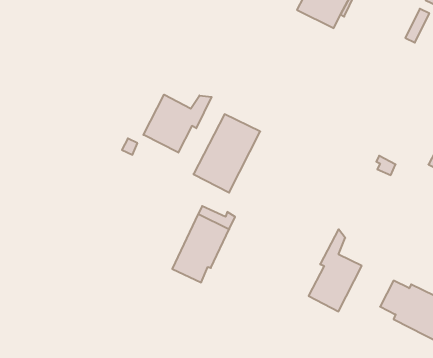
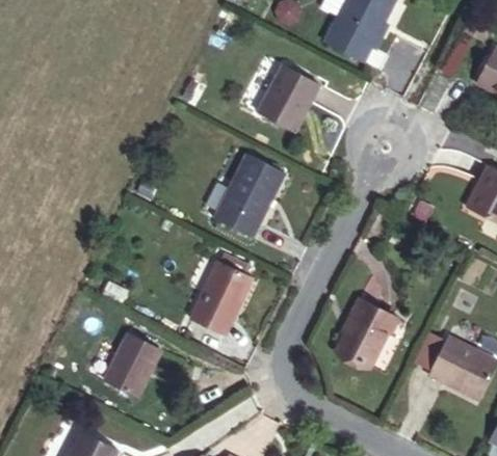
building: none -> [259,65,319,132]
building: [143,95,212,153] -> none
building: none -> [105,333,161,397]

